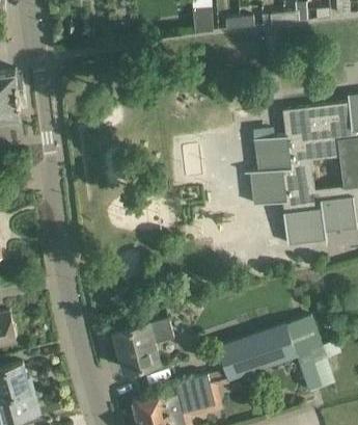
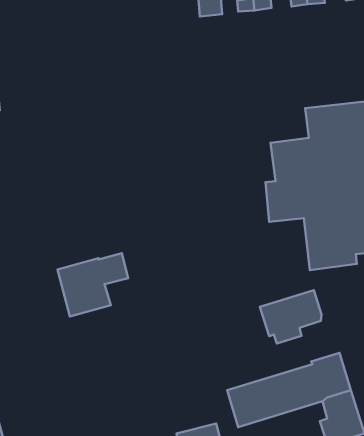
building: none -> [260,290,321,343]
building: [115,318,174,371] -> [58,253,128,316]

